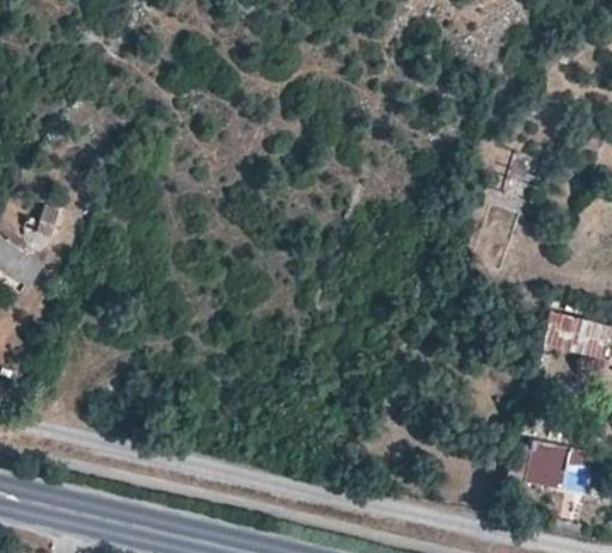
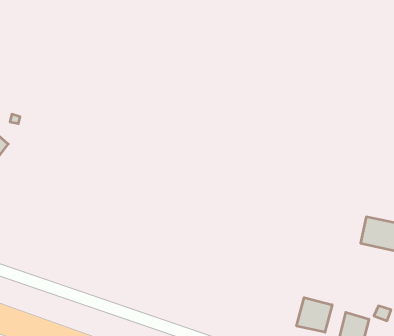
building: none -> [297,298,332,332]

